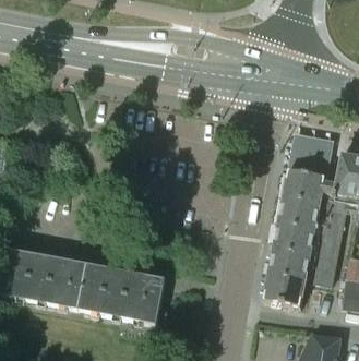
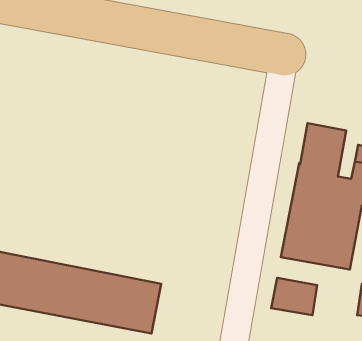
building: [268,255,334,285] -> none

